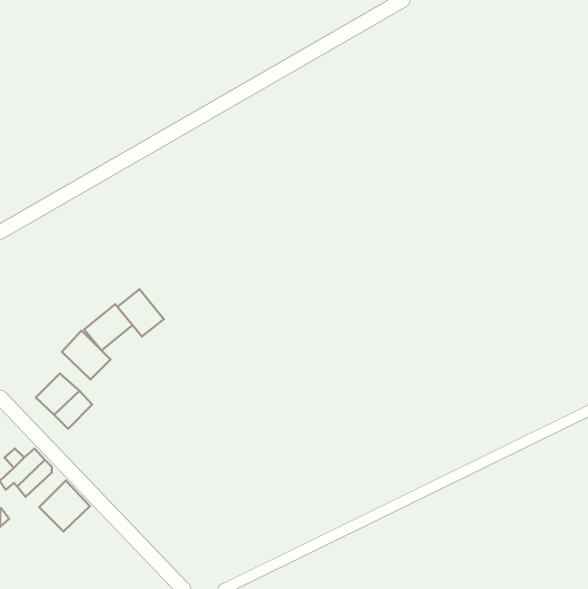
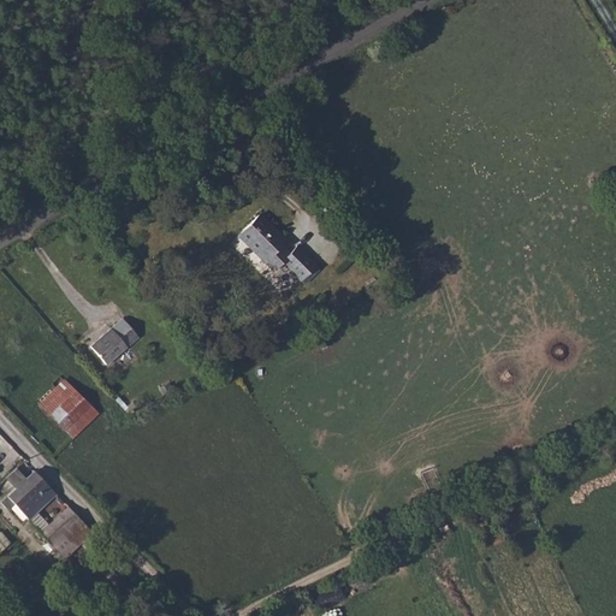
building: none -> [243,214,318,282]
building: [118,289,164,337] -> none
building: [62,331,110,380] -> none

